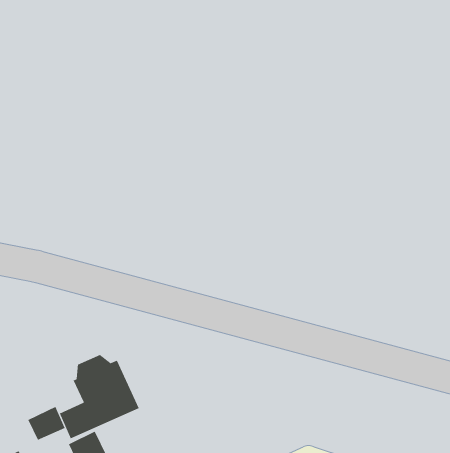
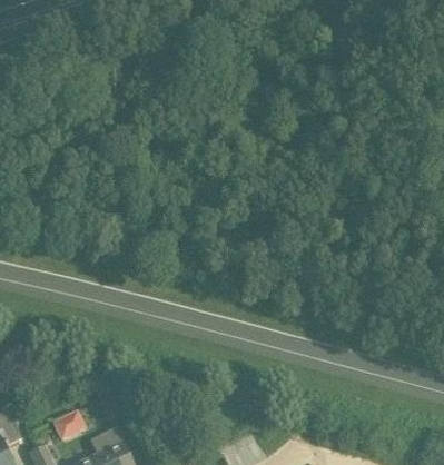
building: [59,354,140,439] -> none

